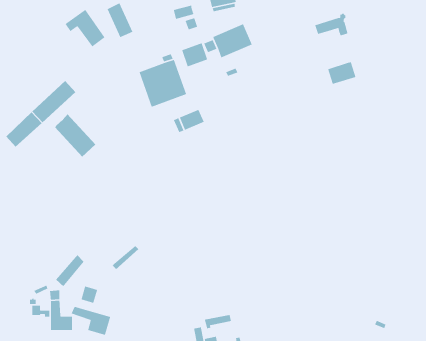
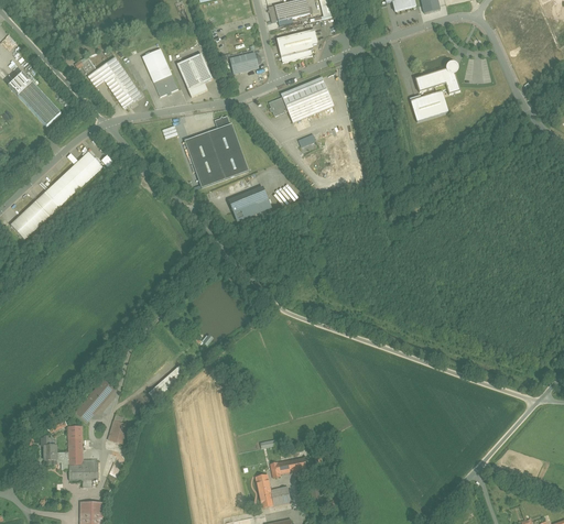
building: none -> [176,53,212,96]
building: none -> [8,72,61,125]
building: [181,42,208,67] -> none
building: [327,61,357,85] -> [410,90,448,121]
building: [54,114,96,157] -> none
building: [71,306,111,336] -> none

